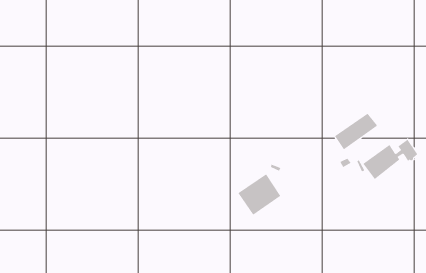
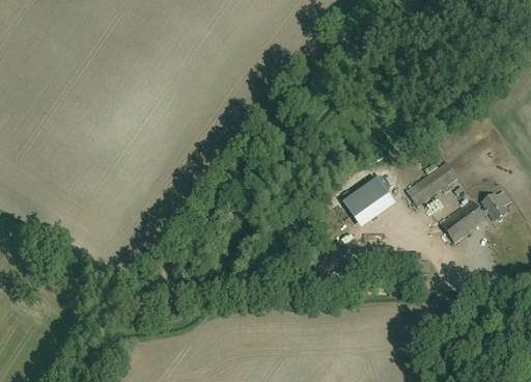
building: [237,173,281,215] -> [344,178,397,228]

